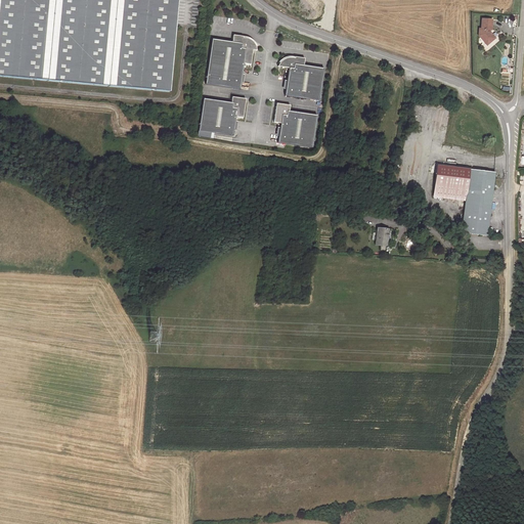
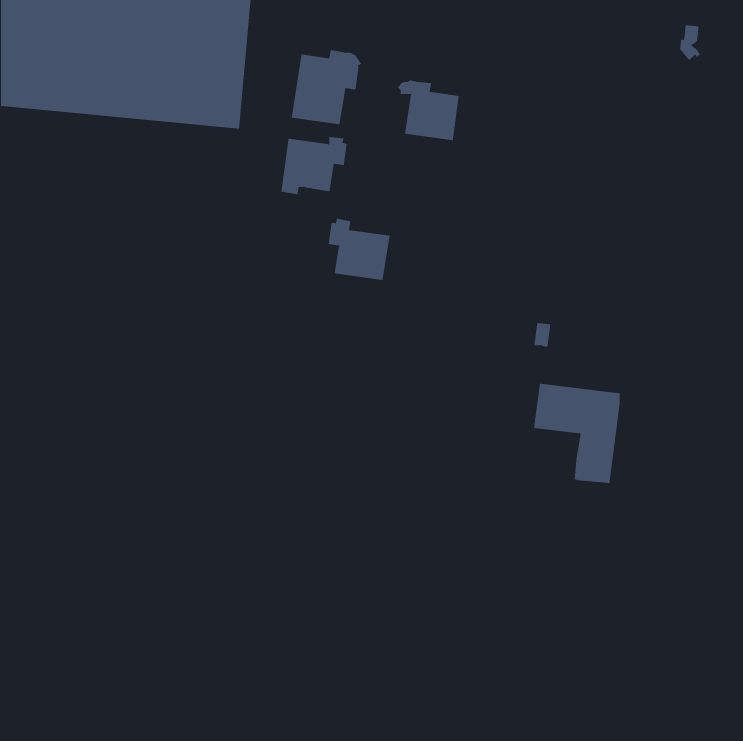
building: [273,102,317,146] -> [328,218,390,281]
building: [433,164,494,234] -> [533,383,620,483]

